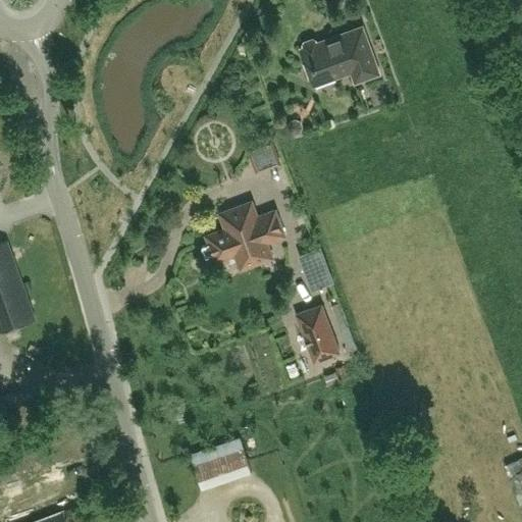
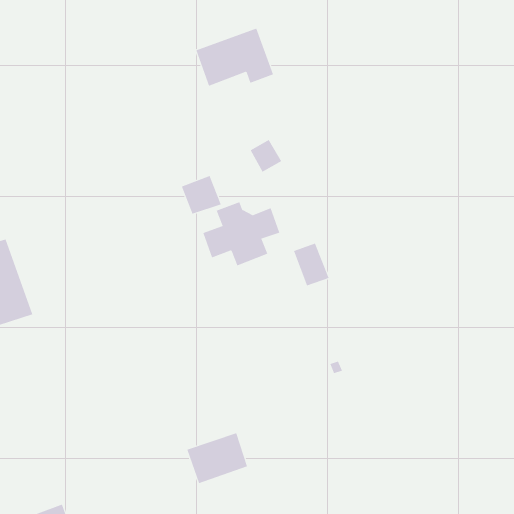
building: [299,28,378,87] -> [195,28,274,86]
building: none -> [181,175,221,215]
building: [295,306,338,363] -> none

